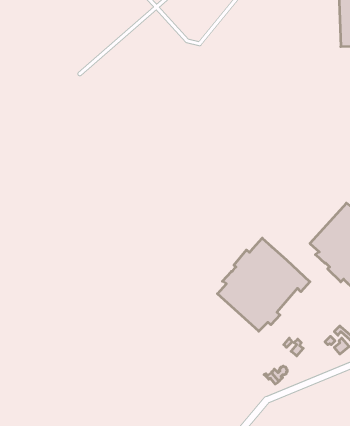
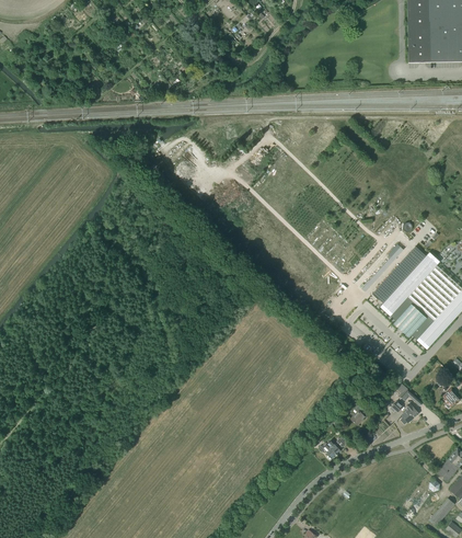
building: [217,238,310,331] -> none

